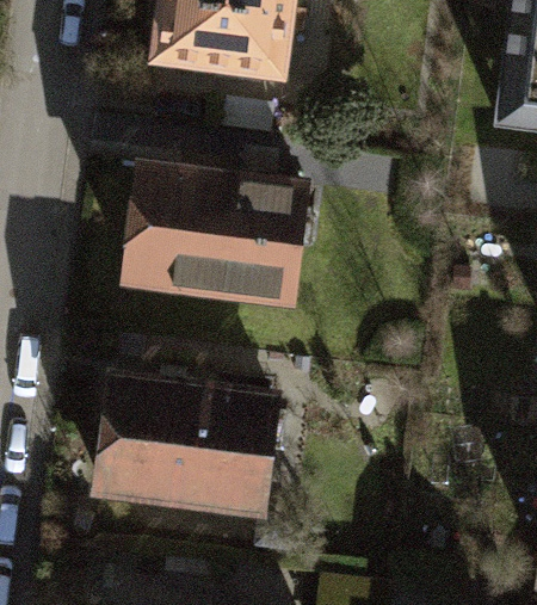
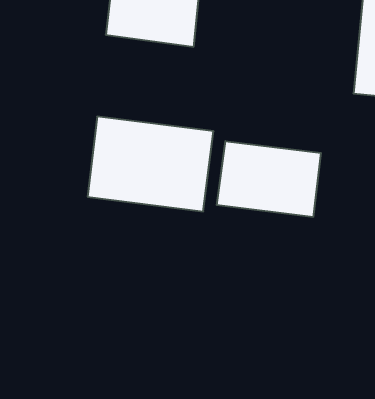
building: none -> [217,141,321,217]
building: [103,385,278,514] -> none

